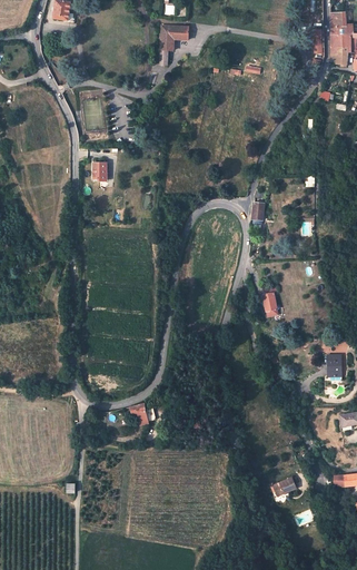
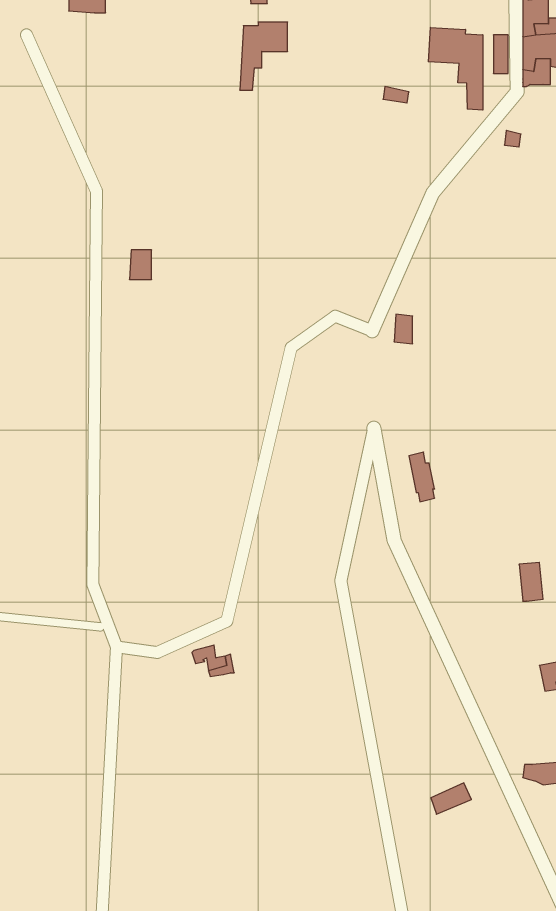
building: none -> [428,27,483,110]

